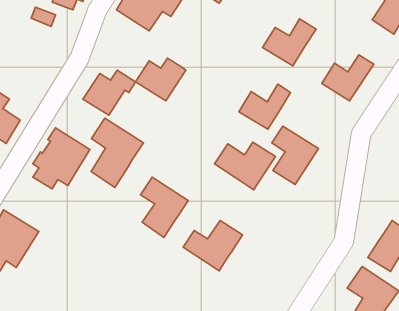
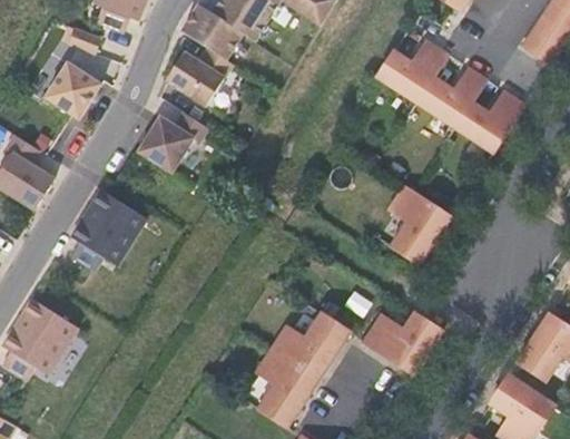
building: none -> [46,61,101,117]
building: [136,58,186,101] -> [165,47,232,104]
building: [239,84,290,129] -> [416,68,485,128]
building: [91,118,143,187] -> none
building: [214,142,275,190] -> [362,311,443,374]
building: [141,177,188,237] -> [255,347,318,427]

